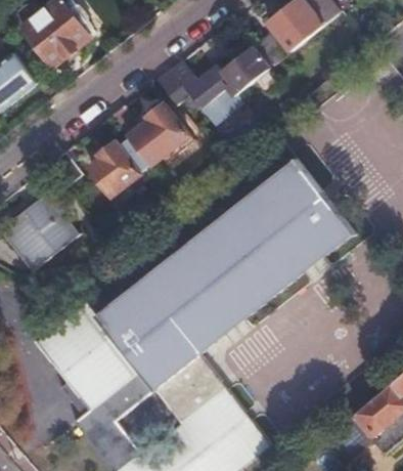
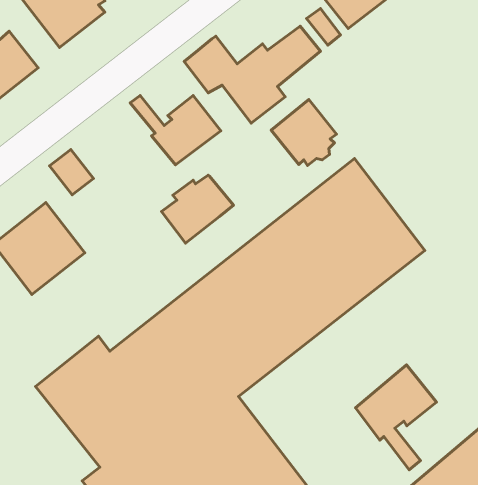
building: none -> [271,100,336,166]
building: [92,138,150,194] -> [162,175,233,243]
building: none -> [355,365,437,470]

